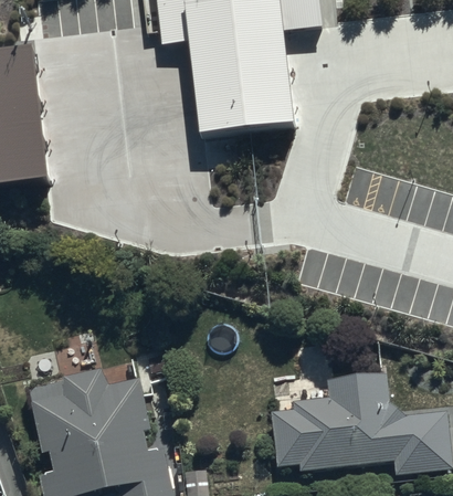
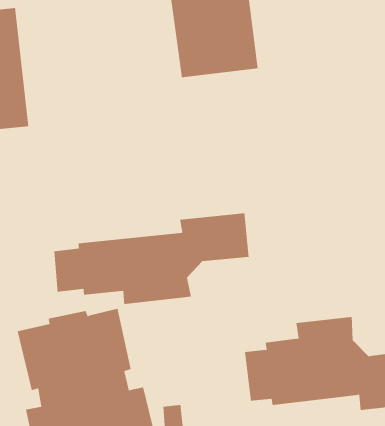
building: none -> [54,212,249,305]

